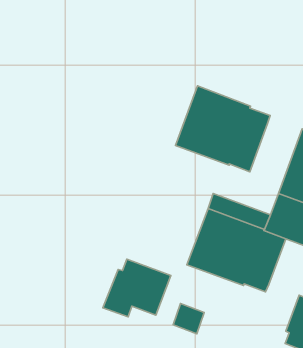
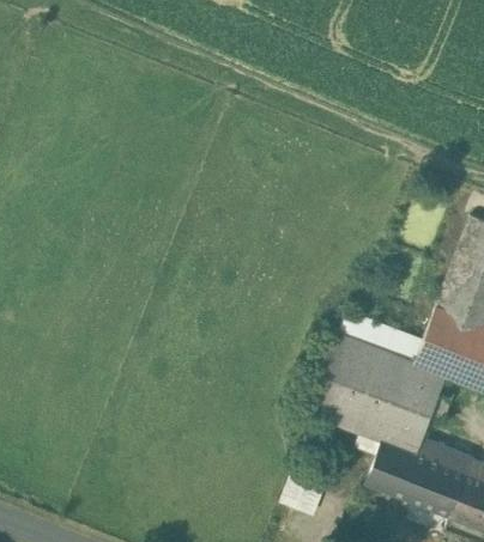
building: [176,86,270,172] -> none
building: [103,259,171,317] -> none
building: none -> [369,443,465,512]

